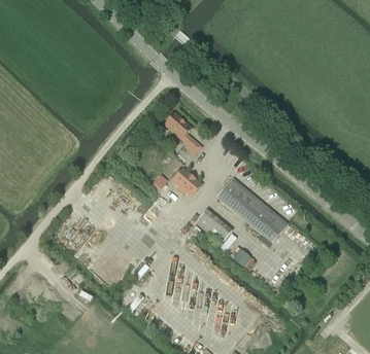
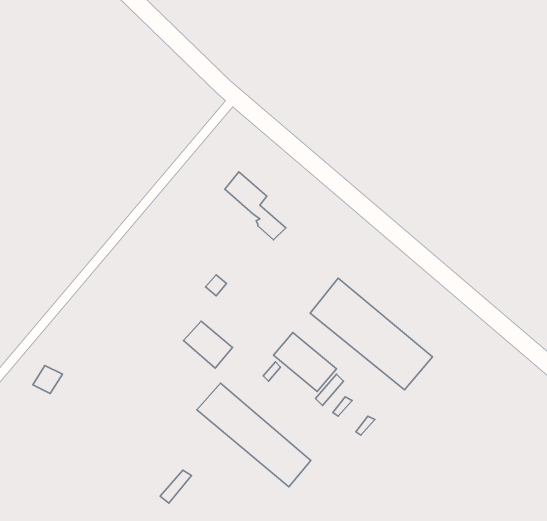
building: [172,168,201,196] -> [184,321,232,368]
building: none -> [197,383,311,487]

